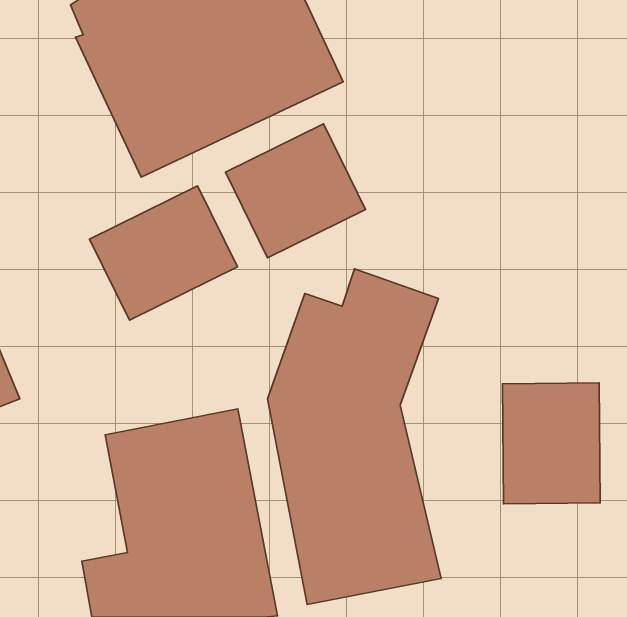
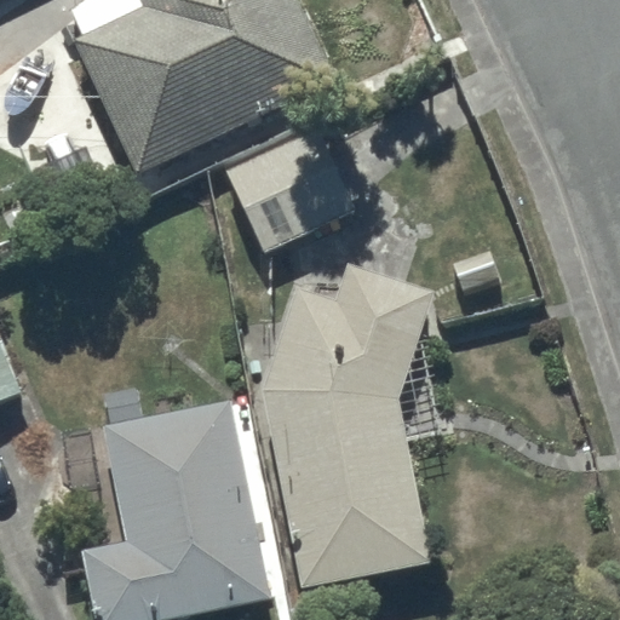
building: [89,186,237,320] -> none
building: [503,383,600,504] -> none

